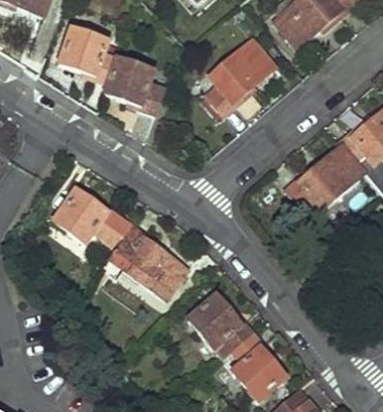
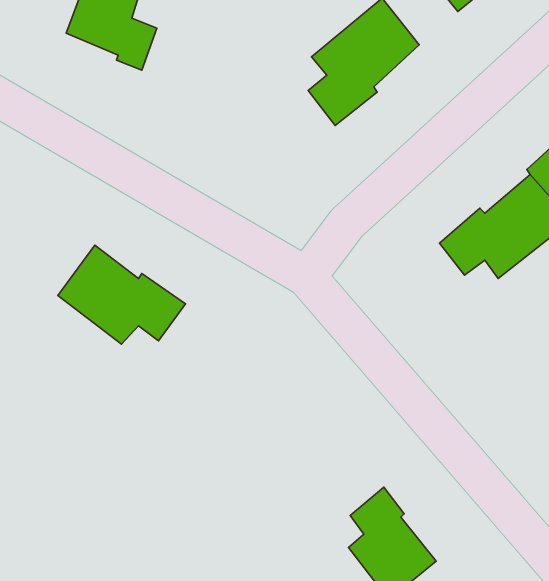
building: [104,57,161,114] -> none
building: [102,223,185,296] -> none
building: [187,295,252,359] -> none

